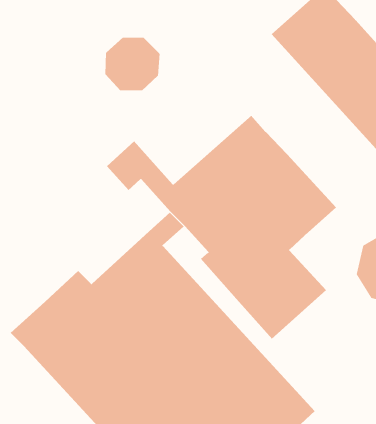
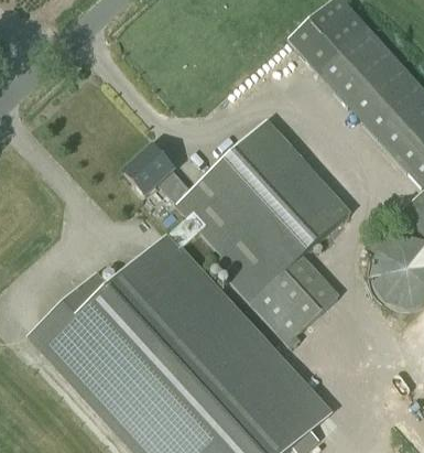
building: [105,37,160,91] -> none

